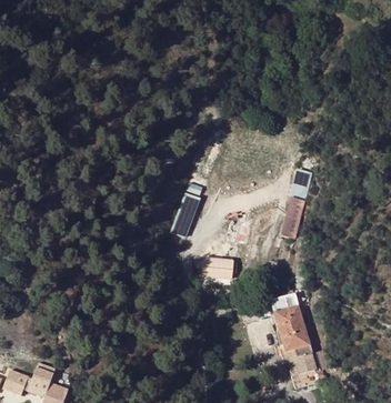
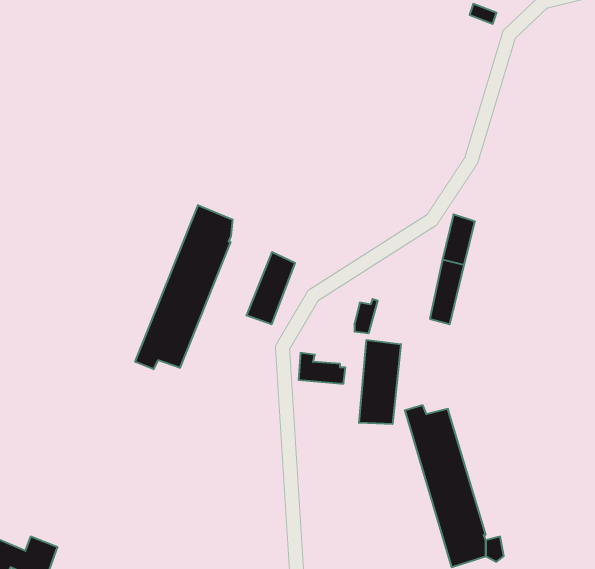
building: none -> [135,205,232,369]
building: none -> [359,340,401,424]

